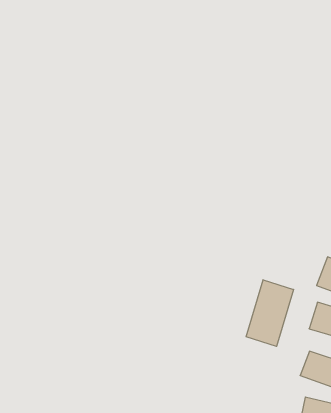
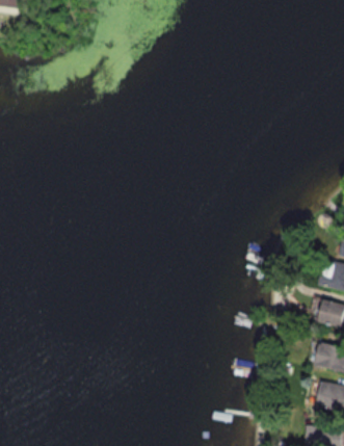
building: [246,280,294,346] -> none

